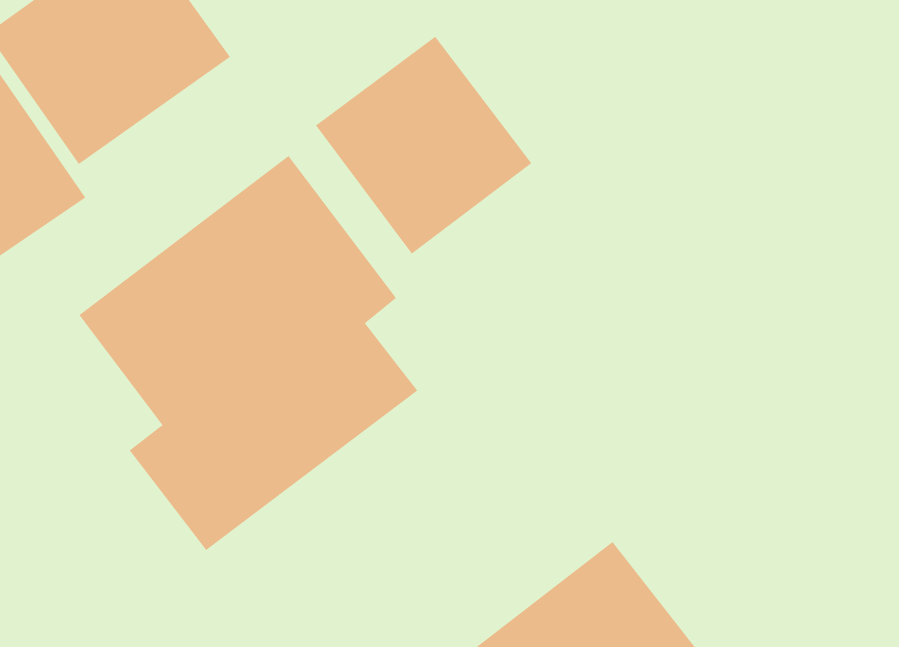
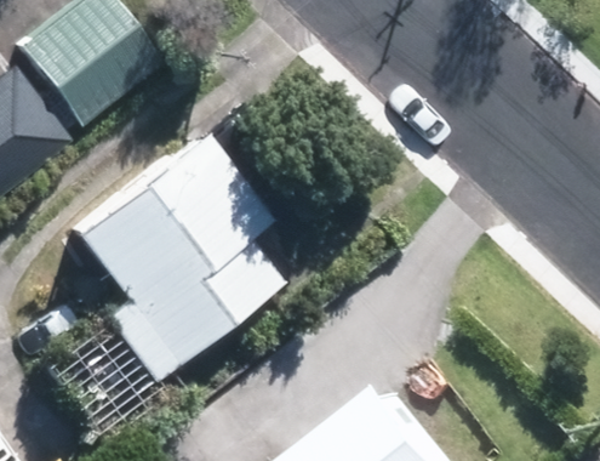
building: [315,36,532,254] -> none

